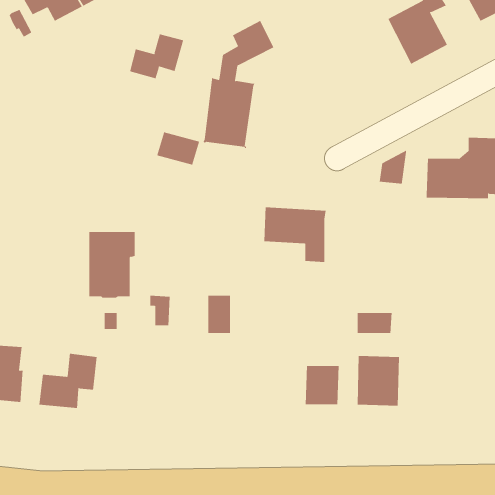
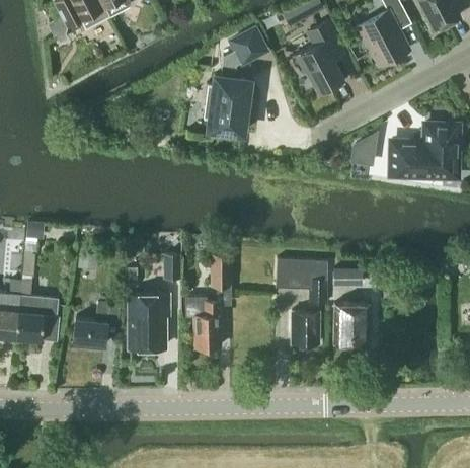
building: none -> [293,22,345,93]
building: [130,33,184,79] -> none
building: [156,132,200,165] -> none
building: [264,207,327,262] -> [276,259,327,305]
building: [89,232,135,298] -> [130,296,168,350]
building: none -> [186,298,220,349]

